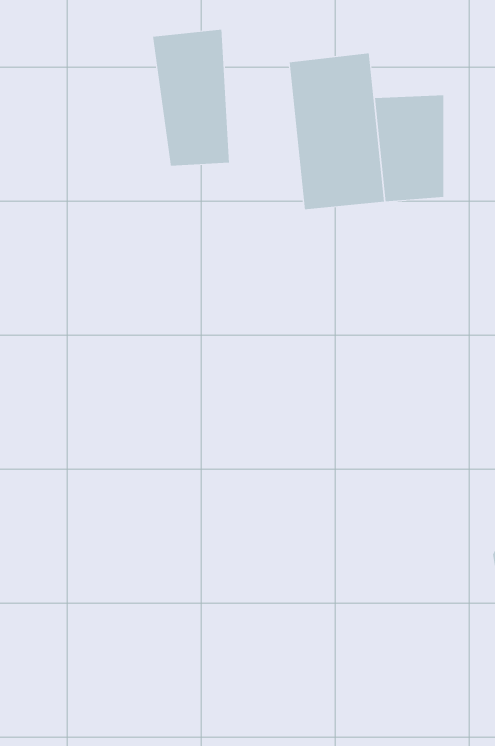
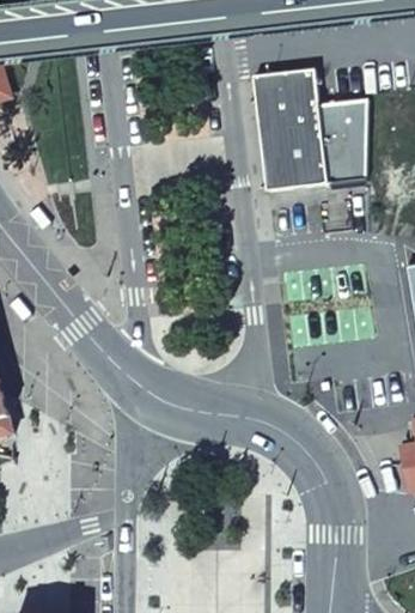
building: [152,29,229,167] -> none

